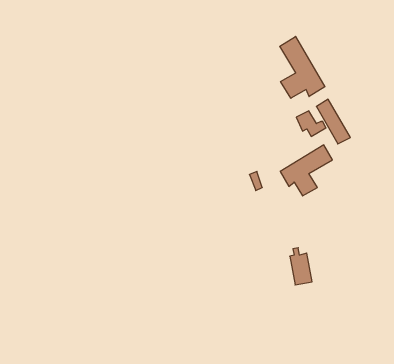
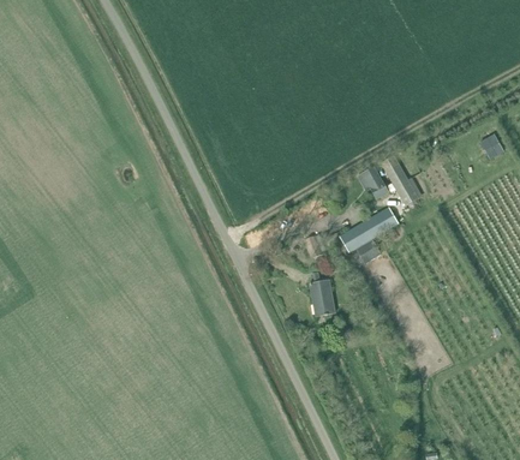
building: [280,36,325,98] -> none
building: [290,248,312,285] -> [310,273,335,315]

